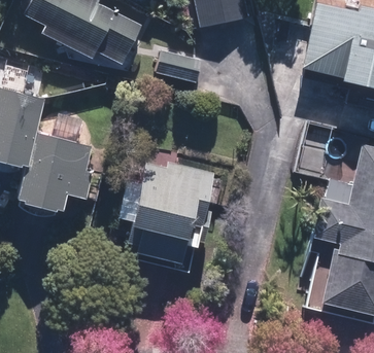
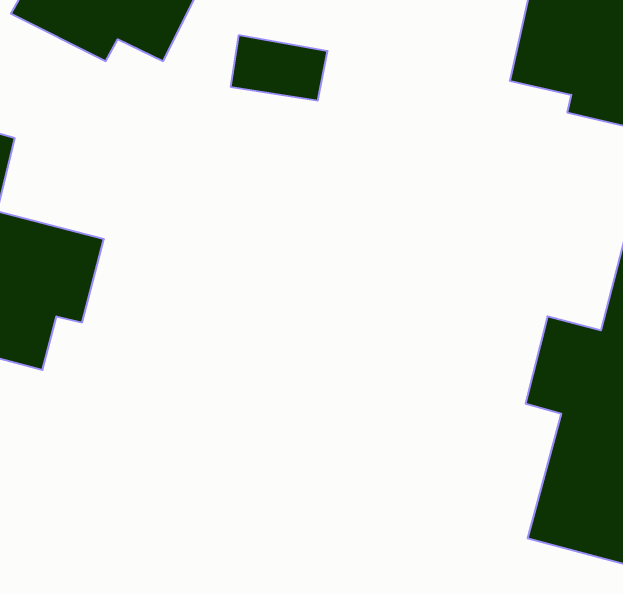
building: [117,158,213,269] -> none

